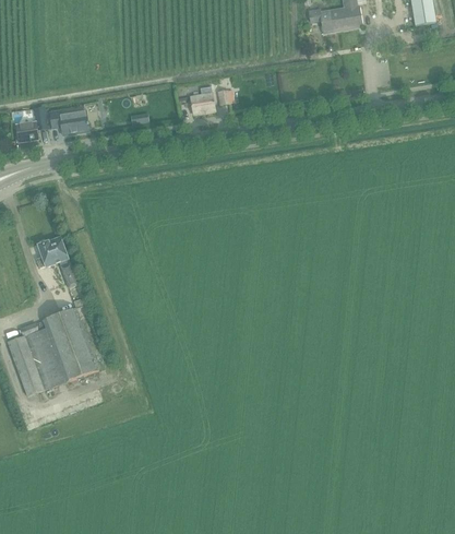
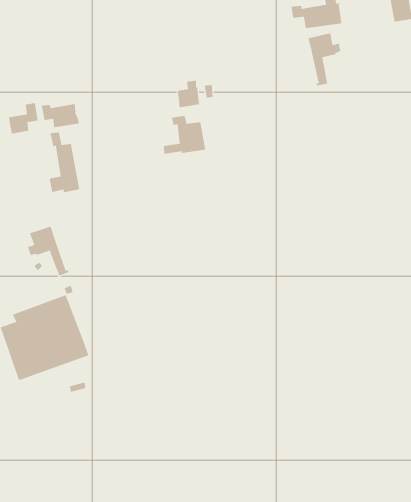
building: none -> [308,33,341,86]
building: none -> [163,115,206,155]
building: none -> [49,131,80,193]

